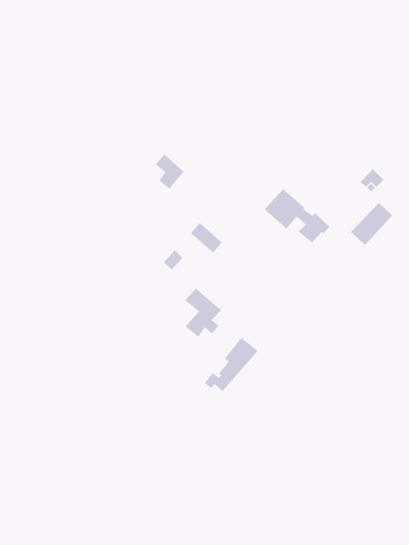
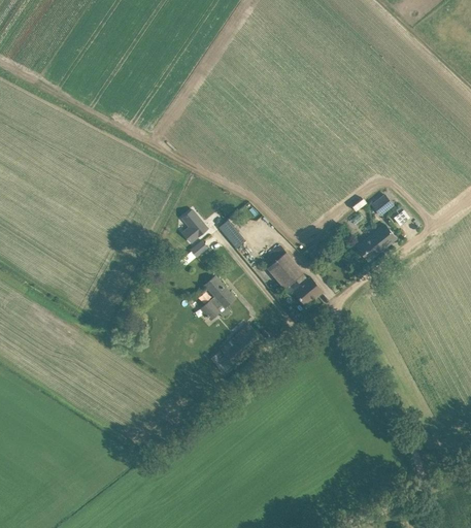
building: [155,153,185,189] -> [182,210,207,242]
building: [264,189,330,244] -> [267,253,323,304]

